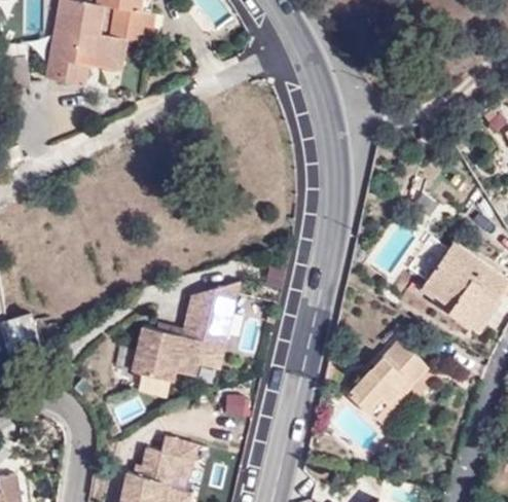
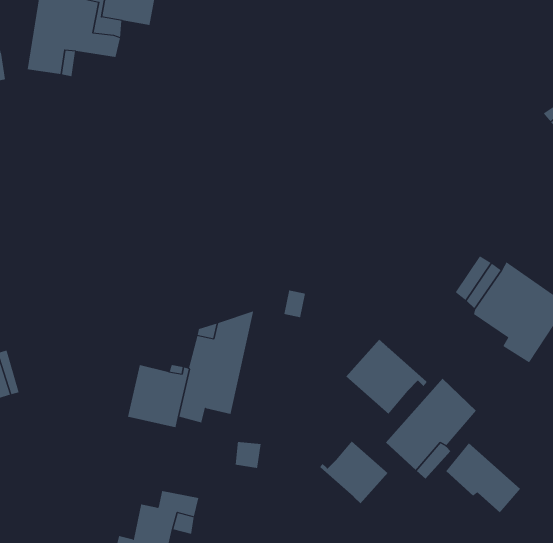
building: none -> [346,339,427,414]
building: none -> [320,440,389,504]
building: none -> [445,443,521,513]

